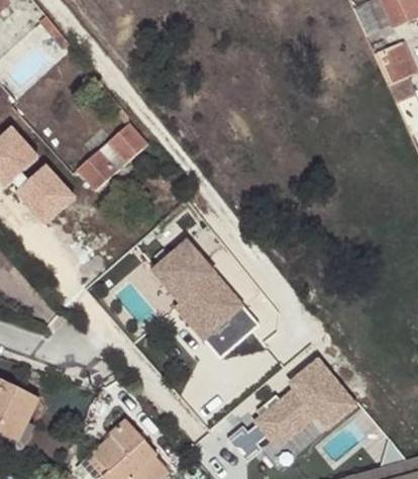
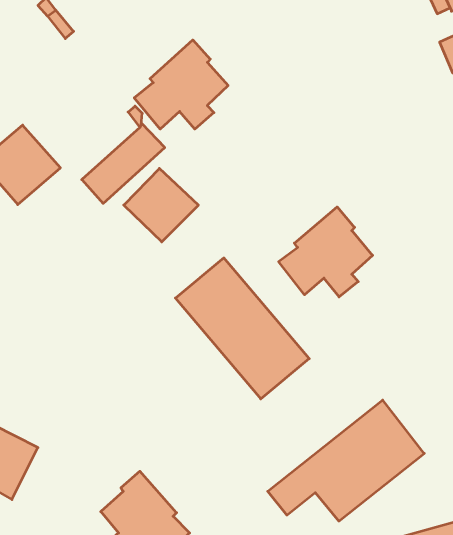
building: none -> [134,40,228,129]
building: [22,165,86,227] -> [124,168,198,242]
building: none -> [279,207,373,297]

